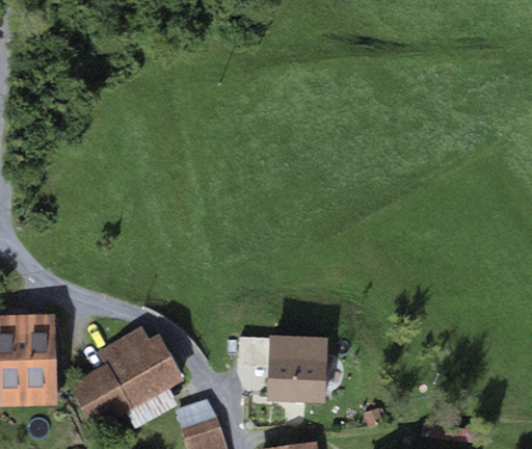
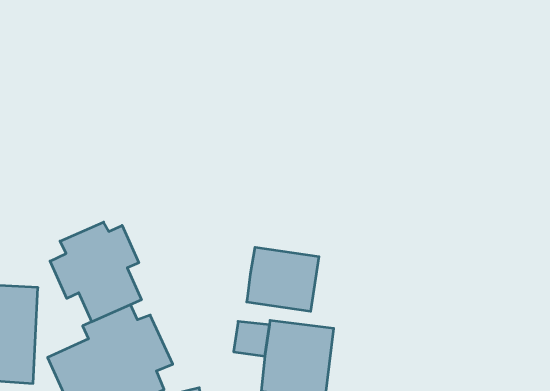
building: none -> [50,222,141,322]
building: none -> [247,247,319,311]

